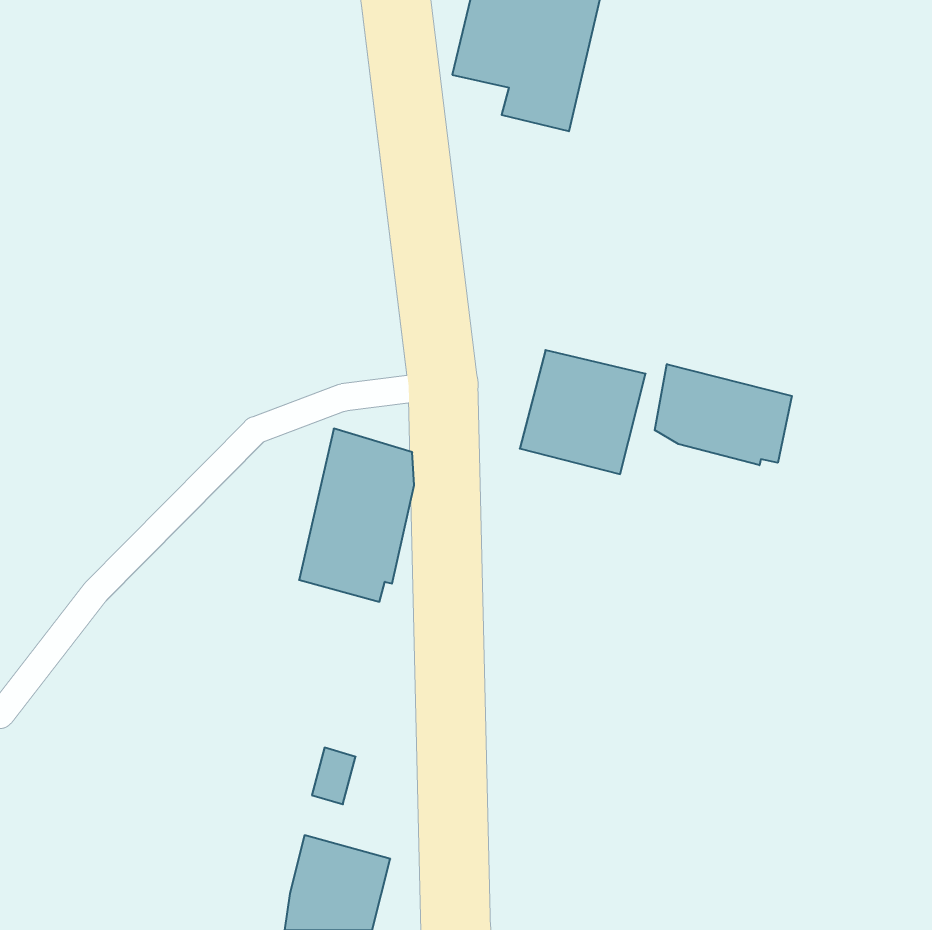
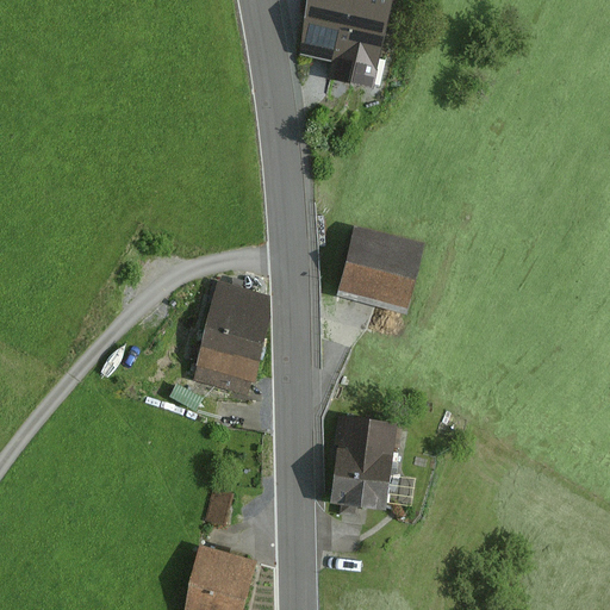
building: [655,364,792,465] -> none
building: none -> [331,417,397,515]

